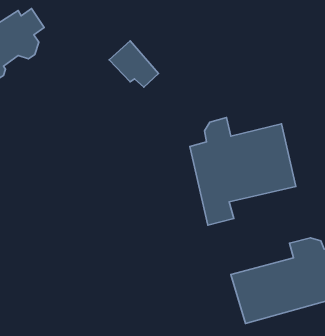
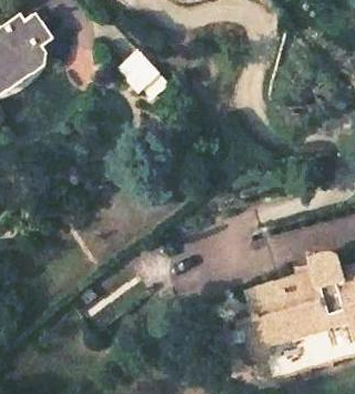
building: [190,118,296,225] -> none

